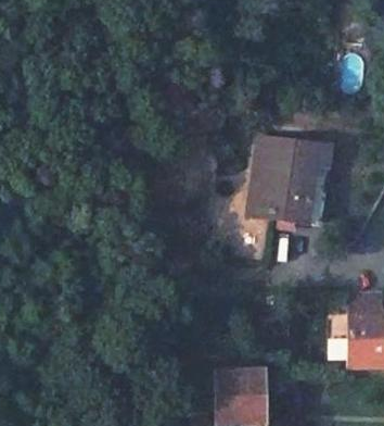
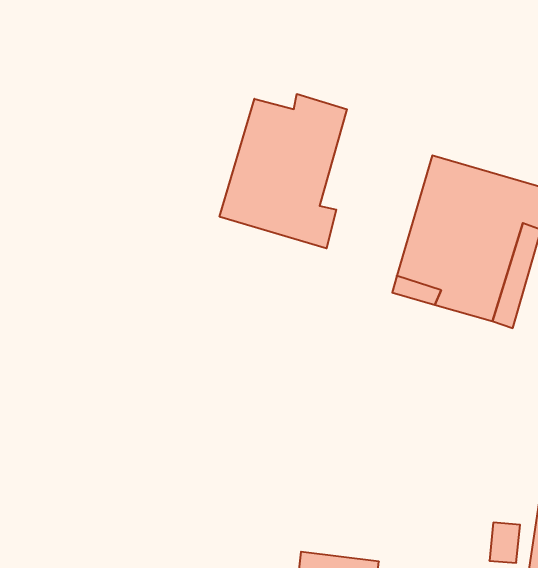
building: none -> [220,94,347,248]

